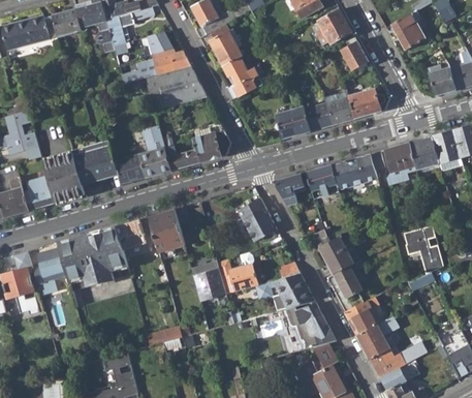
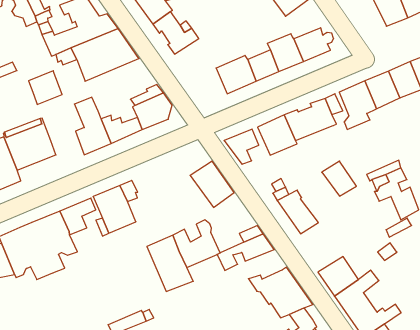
building: [116,155,145,184] -> [29,71,62,104]
building: [333,267,363,299] -> [322,161,356,196]
building: [272,286,315,312] -> none

